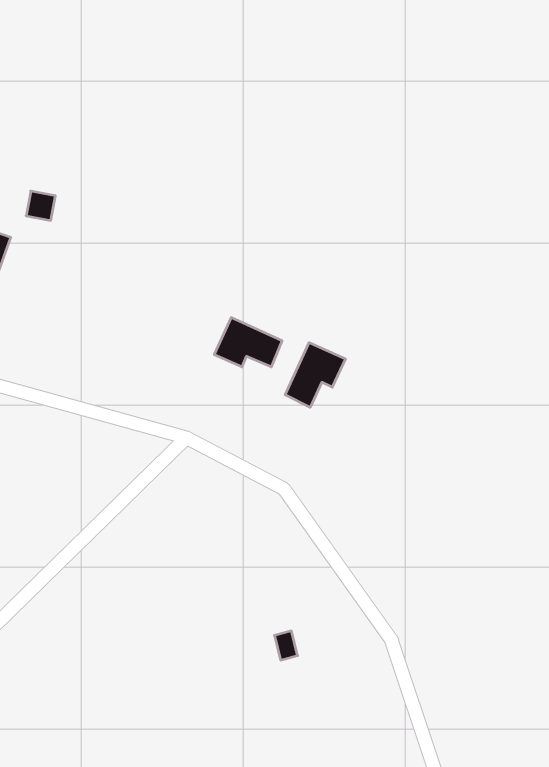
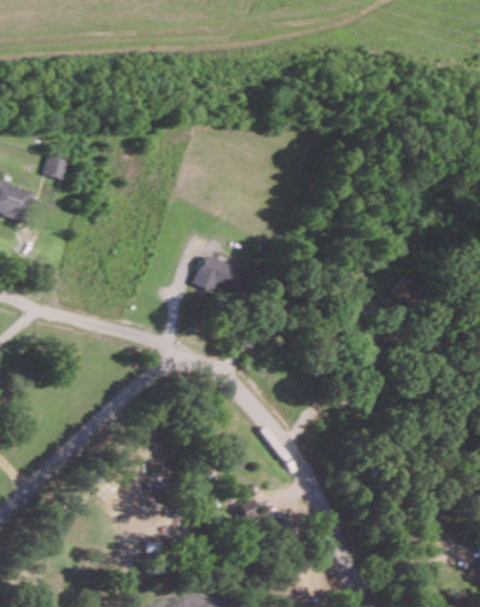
building: [285,343,345,407] -> none

